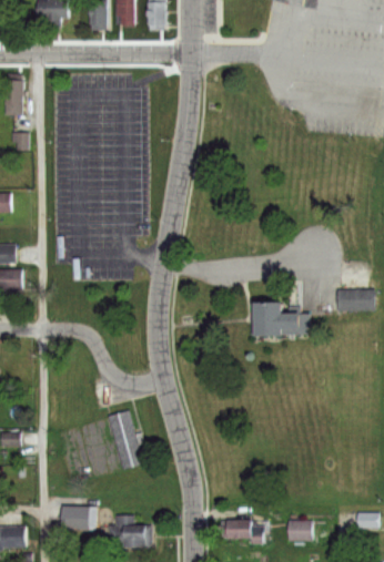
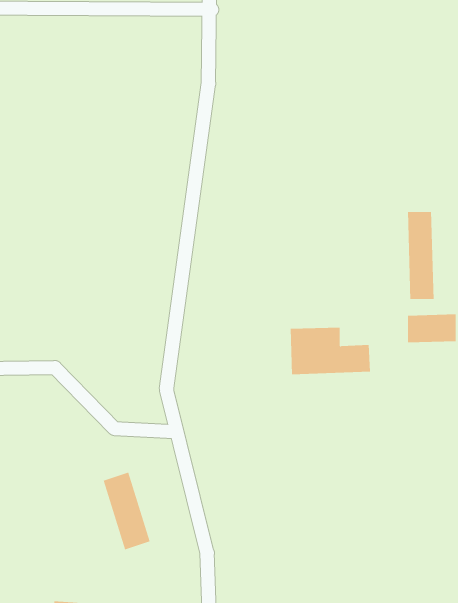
building: none -> [407,211,434,300]

